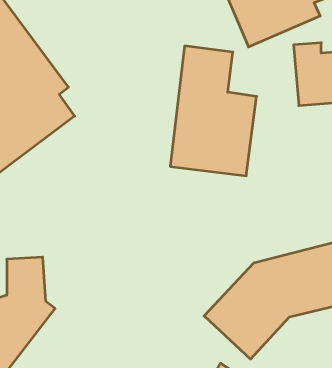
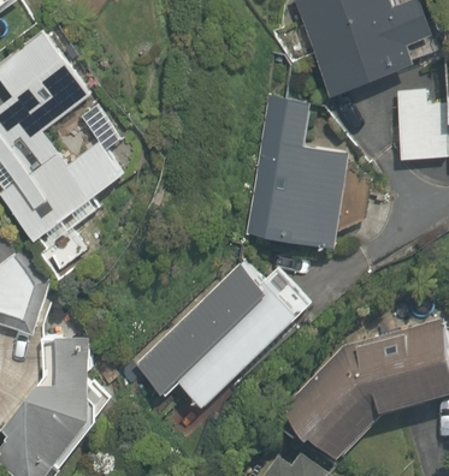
building: none -> [132,261,302,409]

